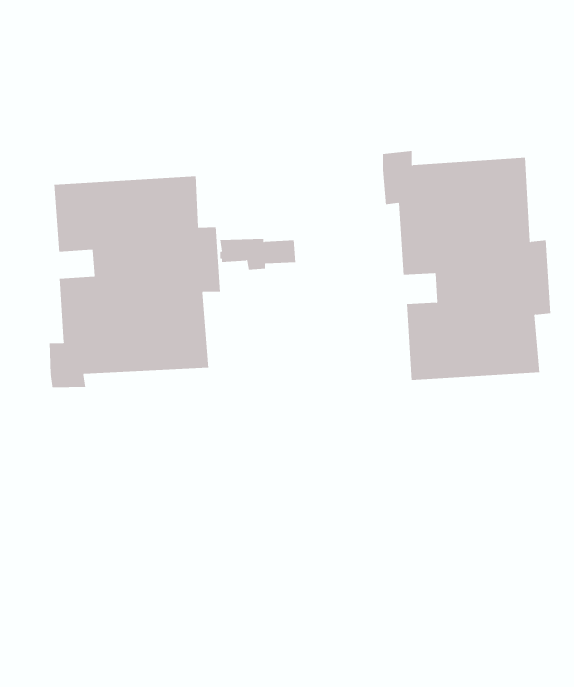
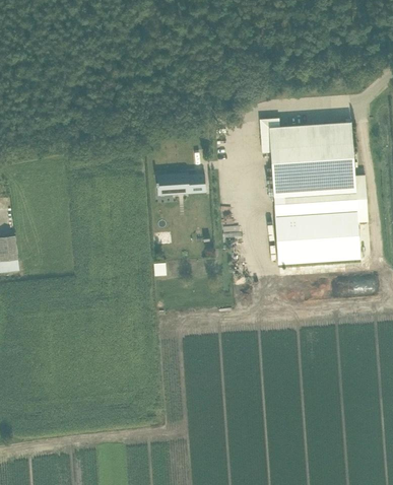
building: [49,176,221,388] -> none

